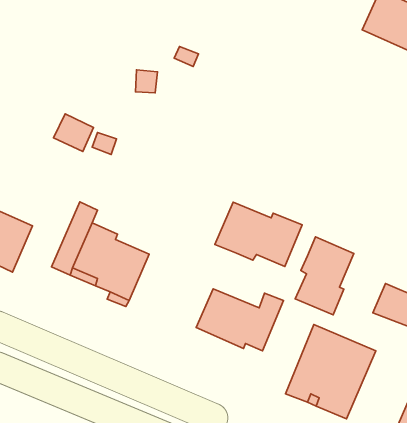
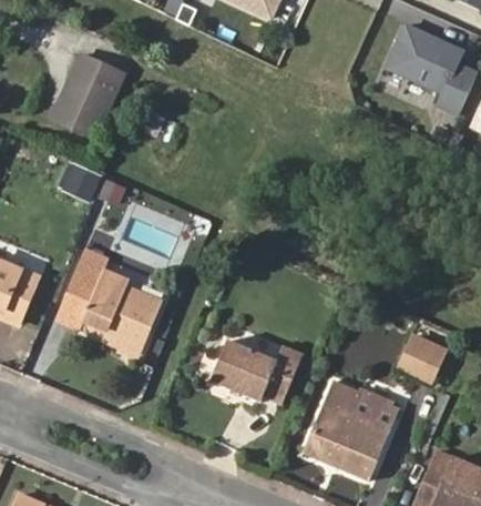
building: none -> [55,53,122,135]
building: [215,202,302,267] -> none
building: [295,237,354,315] -> none

